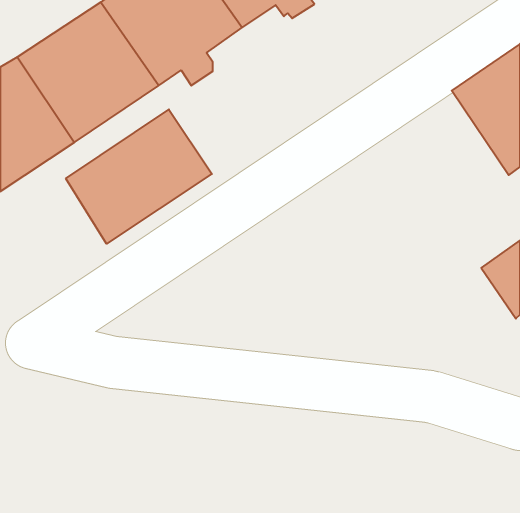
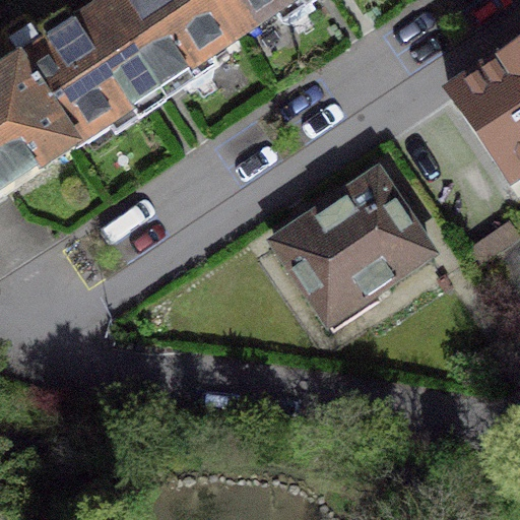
building: [66,109,212,244] -> none
building: none -> [274,168,431,311]

